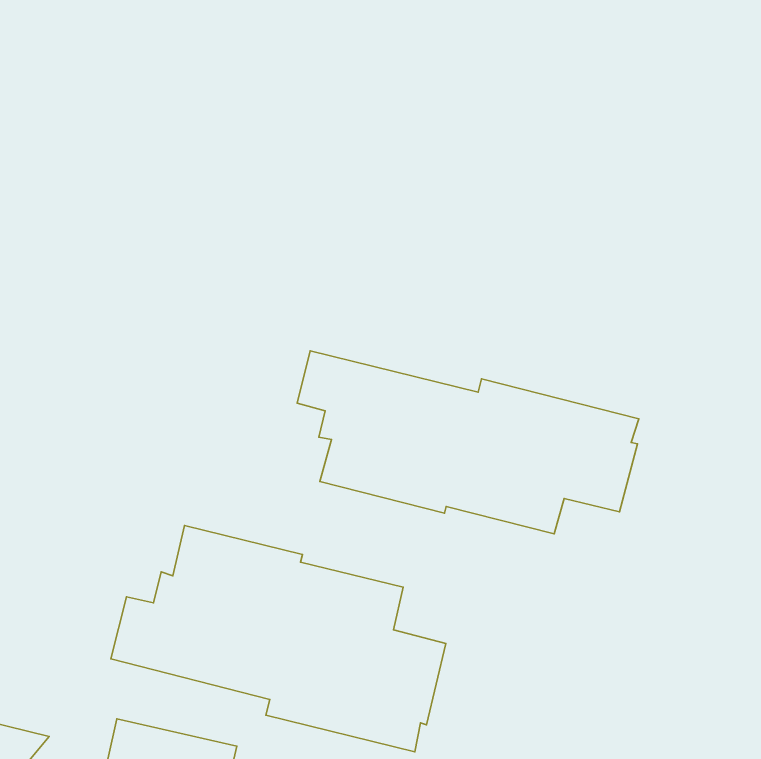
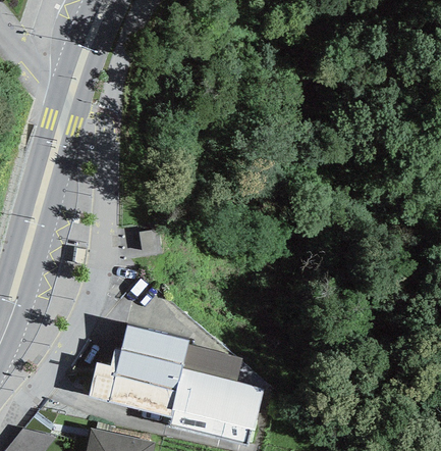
building: [297,351,639,534] -> none

